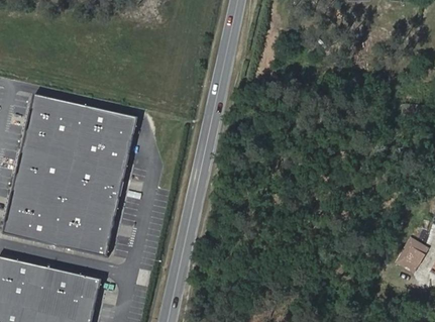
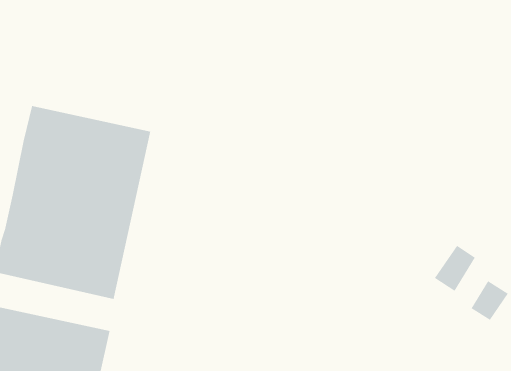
building: none -> [434,245,476,292]

